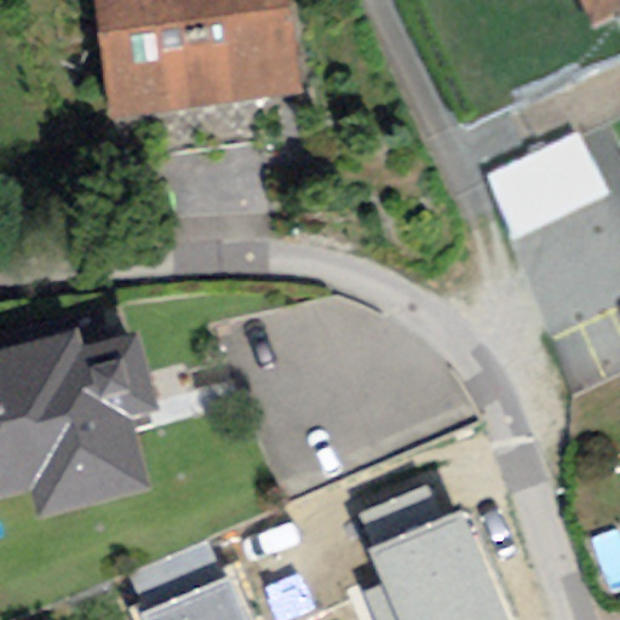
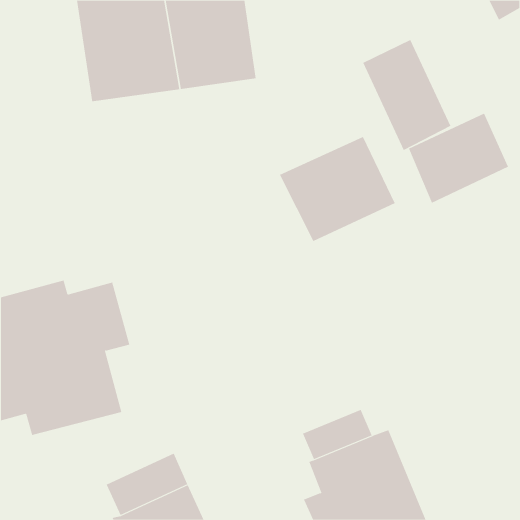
building: none -> [363,39,451,151]
building: none -> [279,136,395,242]

